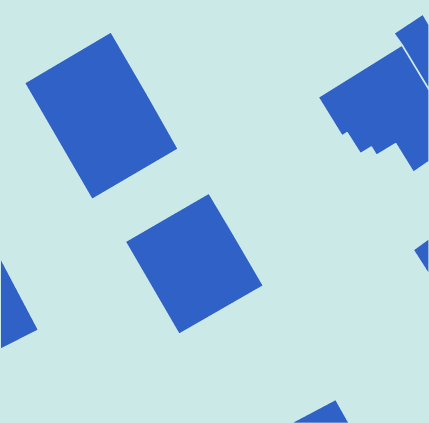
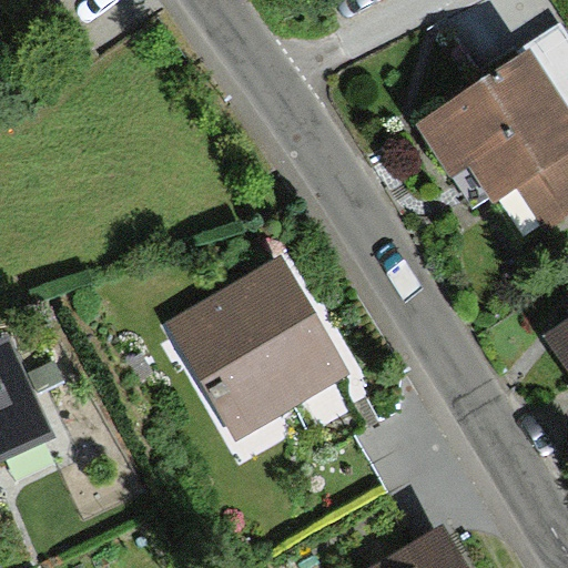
building: [25,32,178,199] -> none

